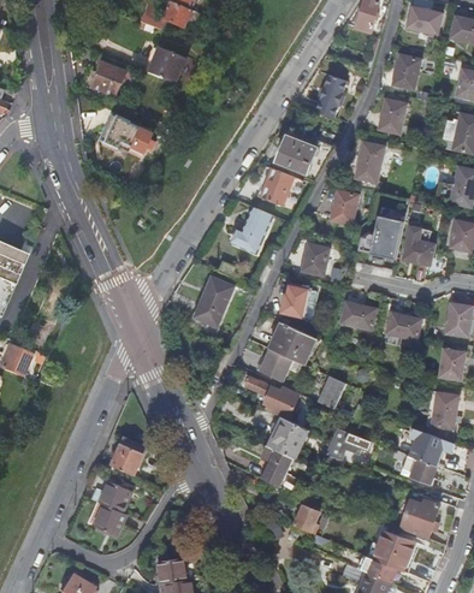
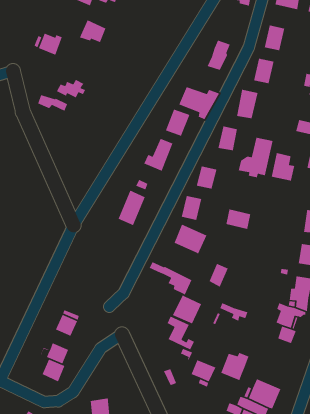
building: [385,312,421,342] -> none
building: [256,349,301,380] -> none
building: [397,499,437,539] -> [220,352,250,381]

